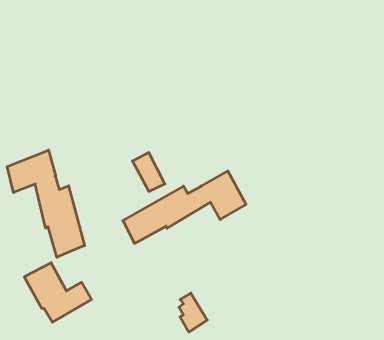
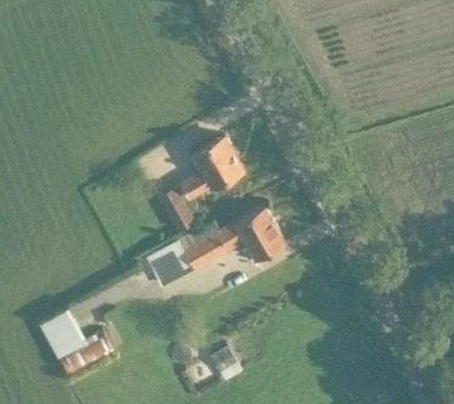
building: none -> [179,137,243,201]
building: [7,150,85,257] -> none

